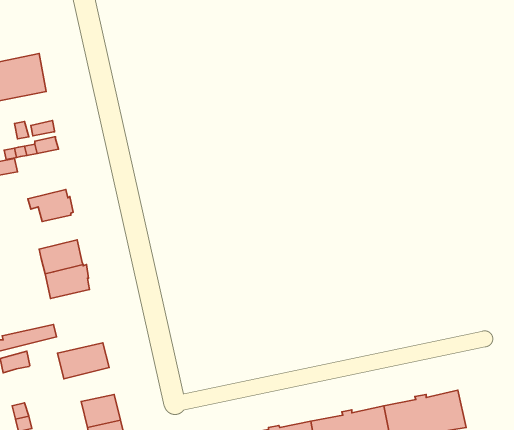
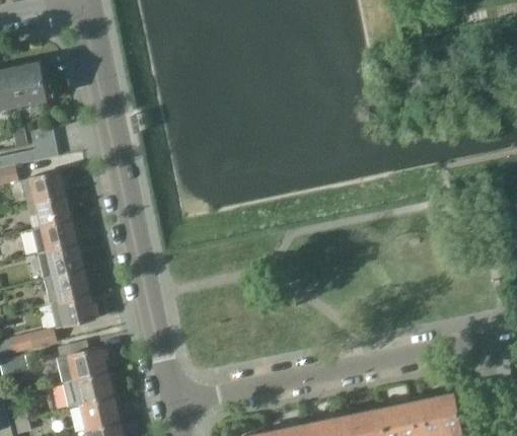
building: none -> [22,171,66,206]
building: none -> [33,222,77,256]
building: none -> [51,295,95,329]
building: none -> [64,372,116,409]

